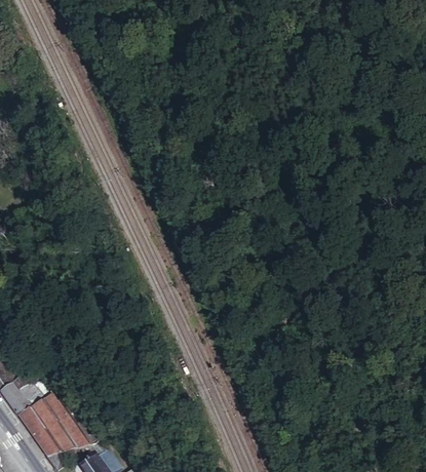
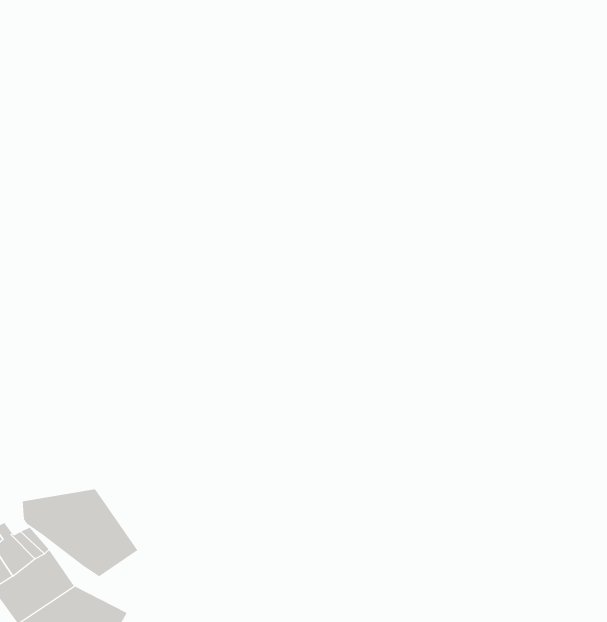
building: none -> [22,488,138,577]

